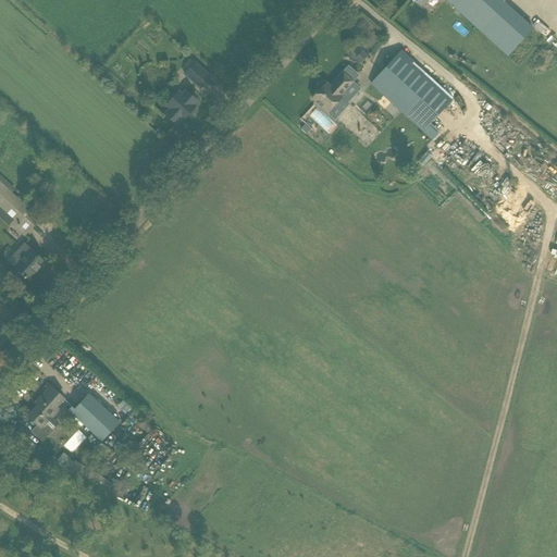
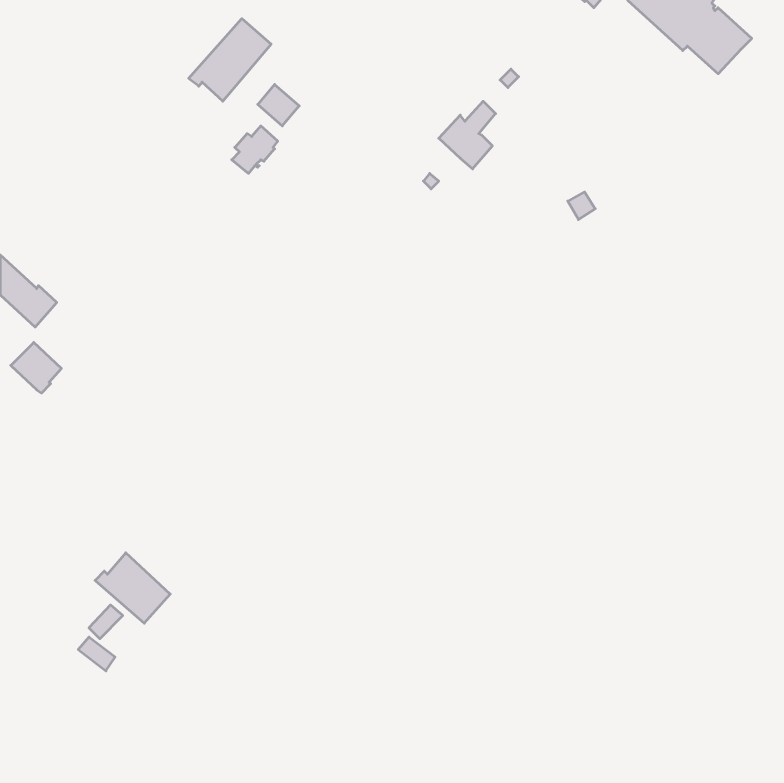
building: none -> [189,19,271,101]
building: [371,50,457,136] -> none
building: [28,385,63,441] -> none

